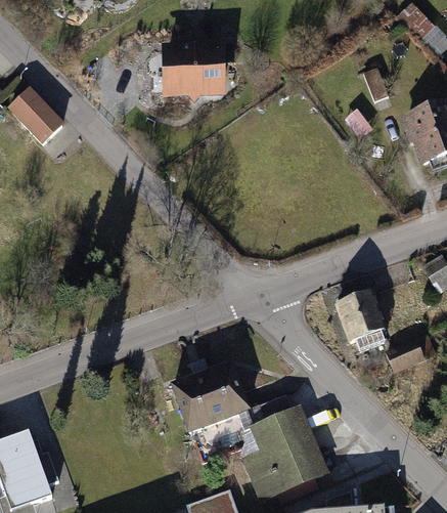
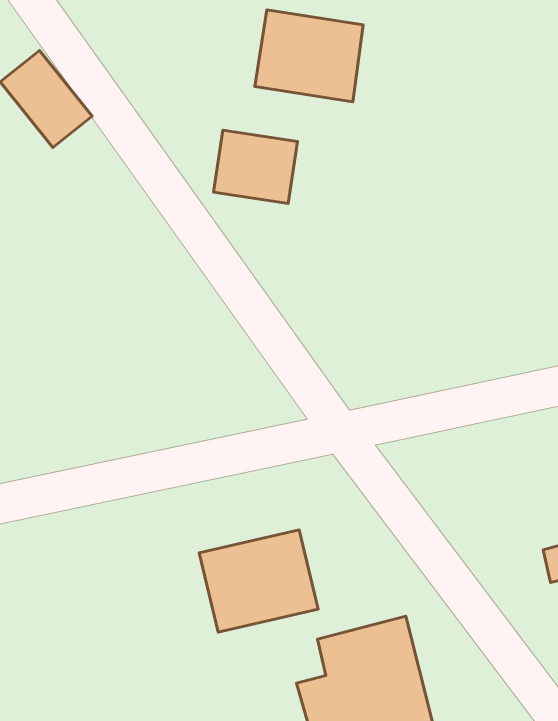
building: none -> [214,130,297,204]
building: [332,291,383,344] -> none

